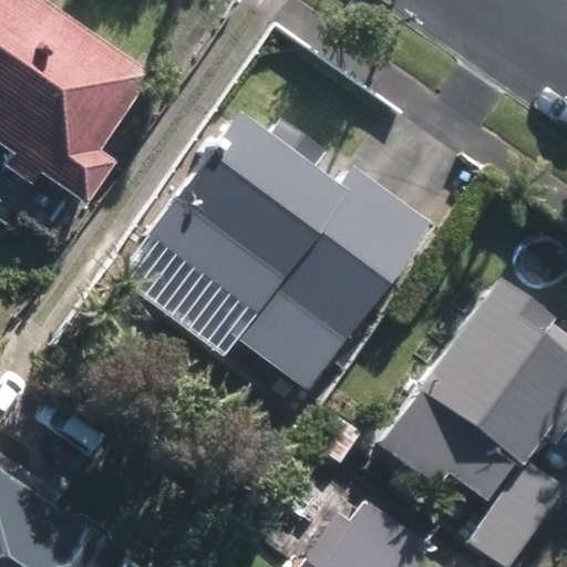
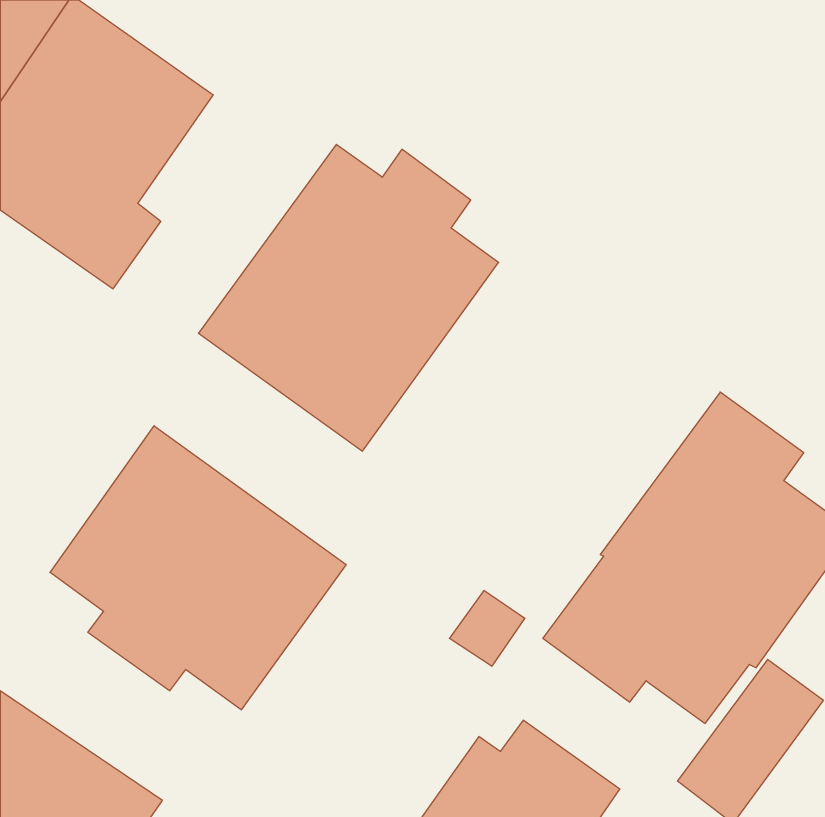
building: [235,174,432,398] -> none
building: none -> [50,426,346,710]

